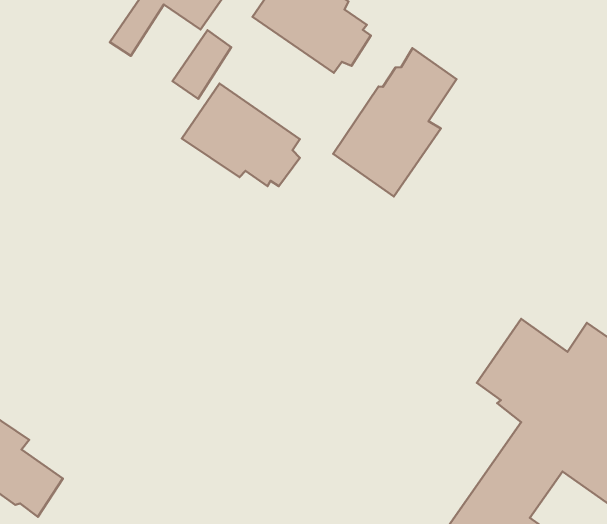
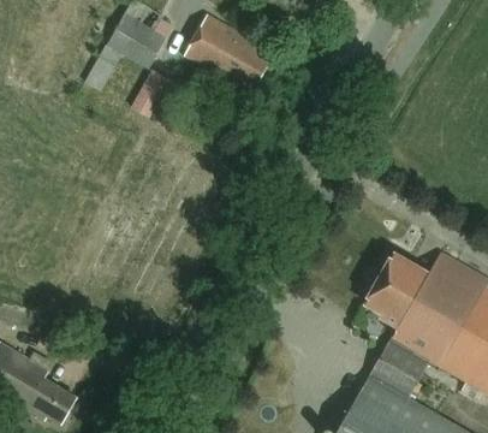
building: [333,48,456,197] -> none
building: [182,84,300,186] -> none

